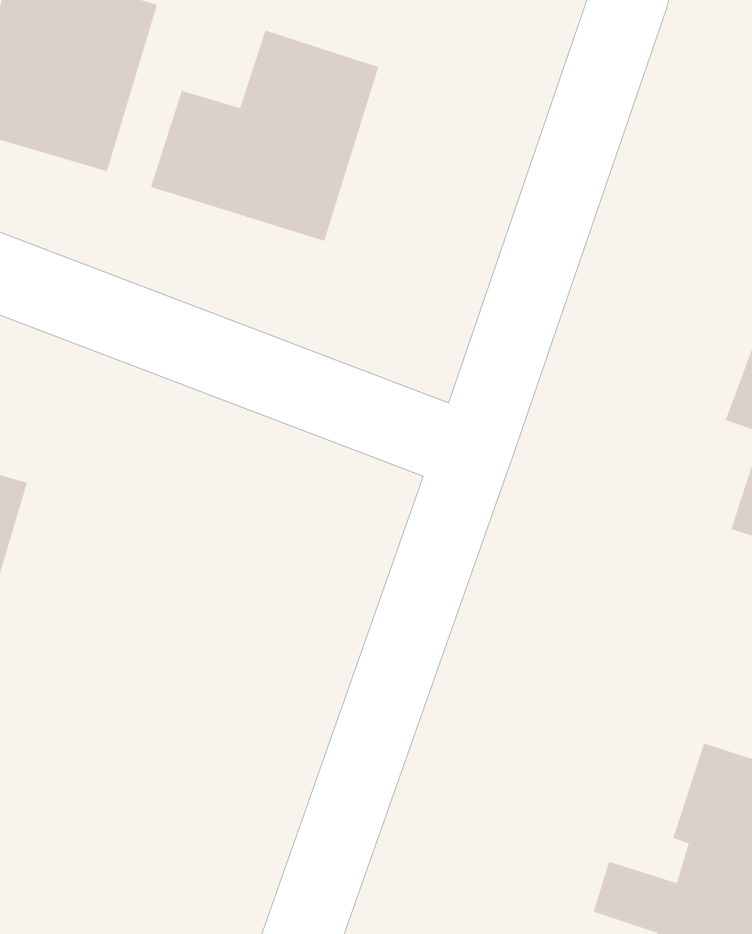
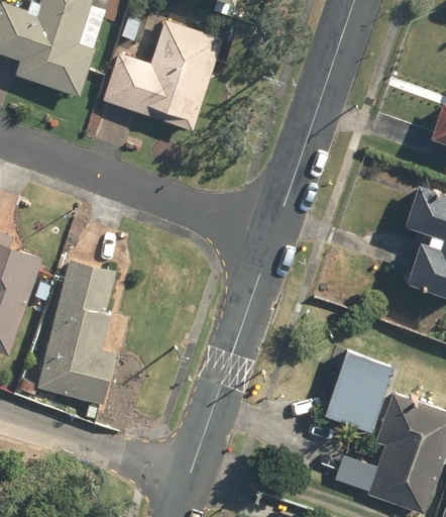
building: none -> [38,263,126,406]
building: none -> [323,348,392,430]

